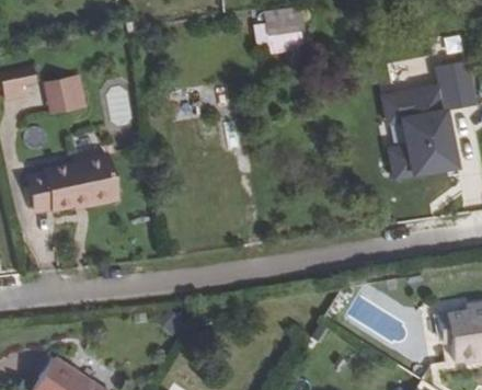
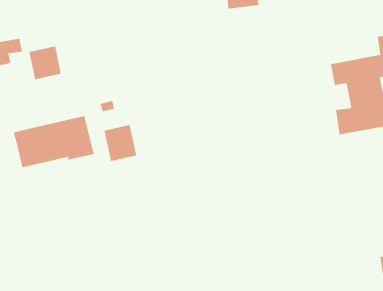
building: none -> [104,124,137,162]

